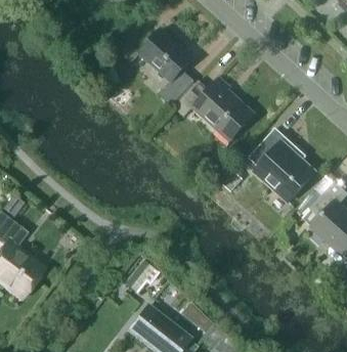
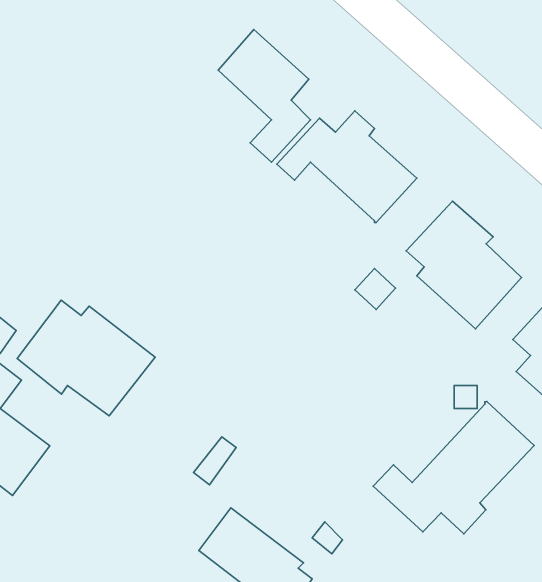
building: none -> [17,300,155,416]
building: none -> [373,402,534,534]

